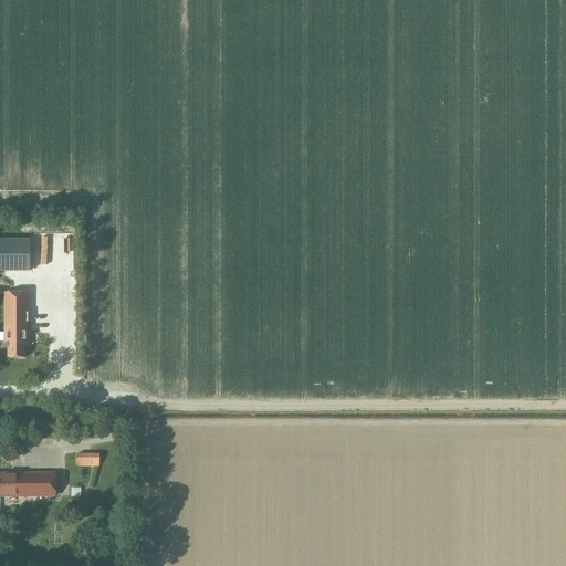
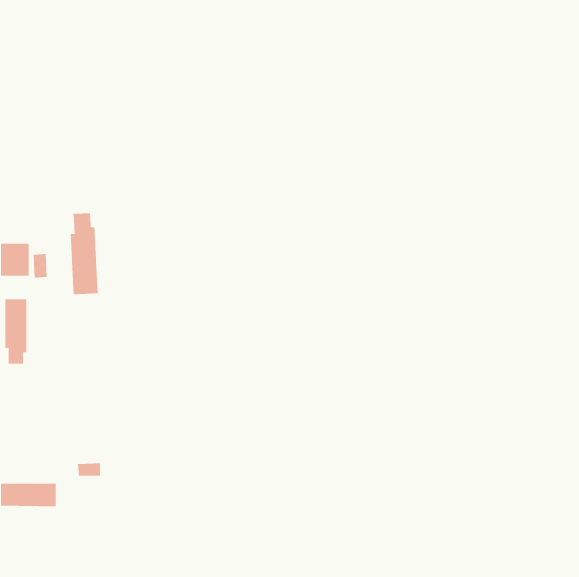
building: none -> [70,212,98,295]

